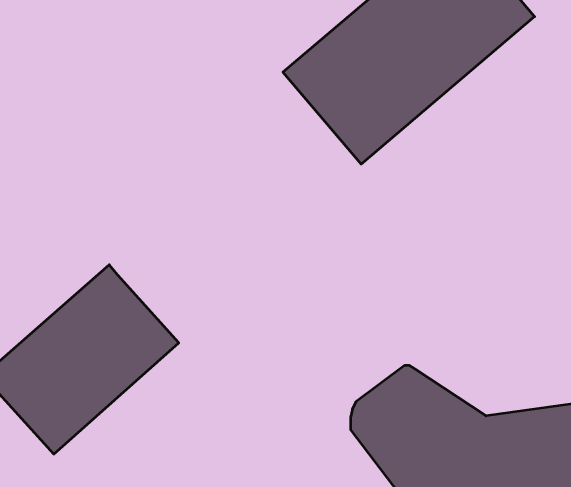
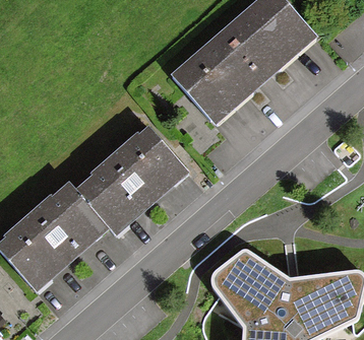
building: none -> [73,127,190,241]

